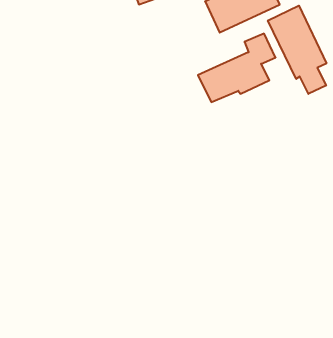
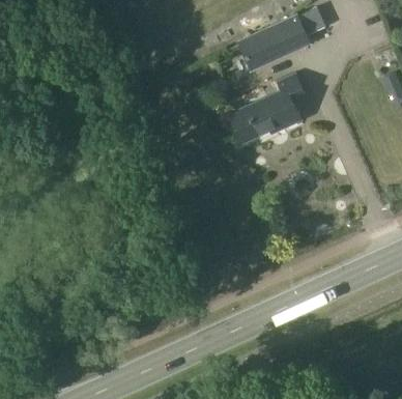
building: [268,6,326,94] -> none

